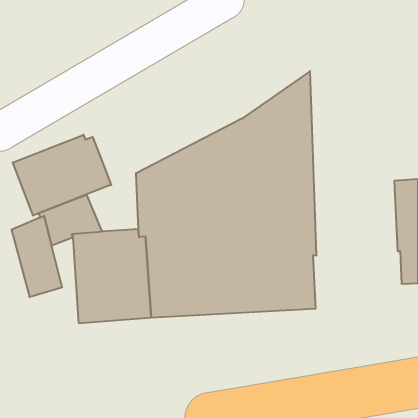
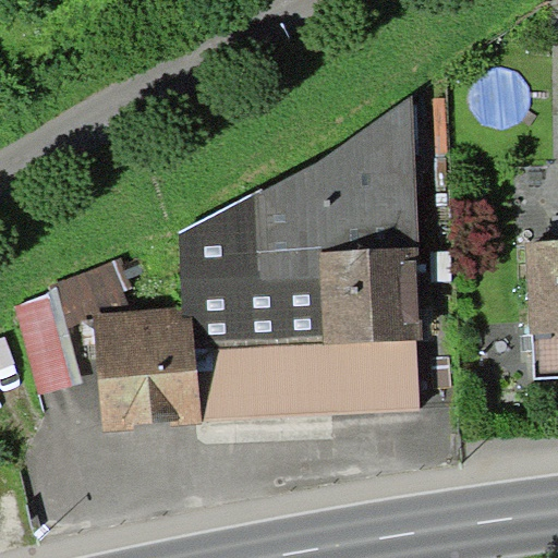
building: [13,135,111,216] -> none

